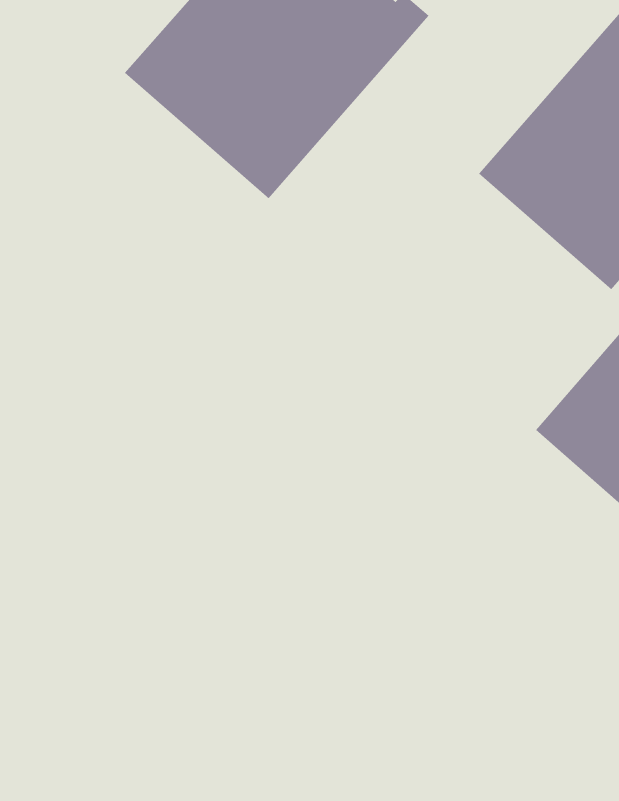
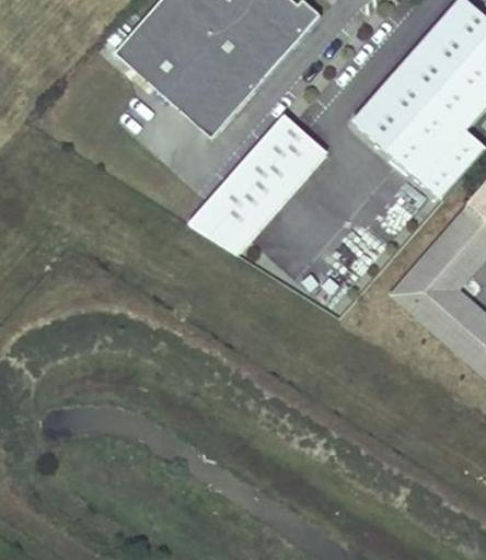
building: none -> [187,114,325,254]

